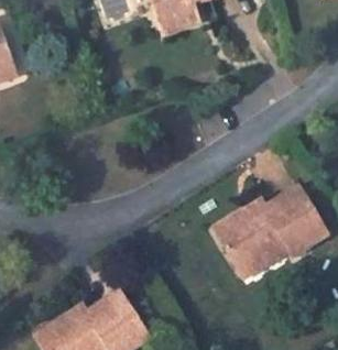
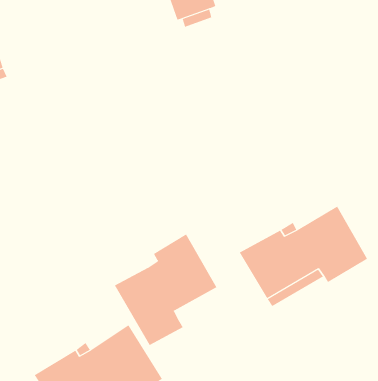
building: none -> [114,233,217,346]

